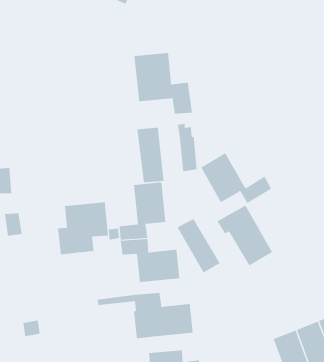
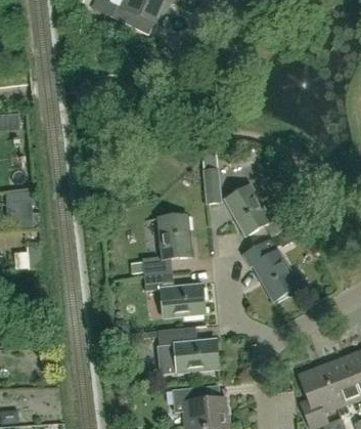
building: [134,52,192,114] -> none
building: [137,127,164,183] -> none
building: [57,201,109,255] -> none
building: [177,218,221,273] -> none

